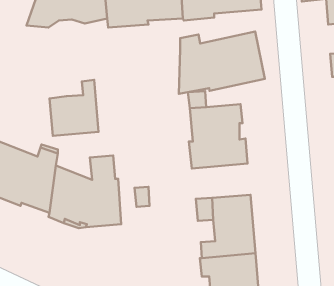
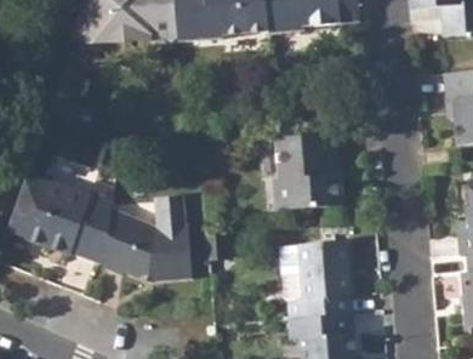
building: [179,31,265,94] -> none
building: [49,80,98,136] -> none

